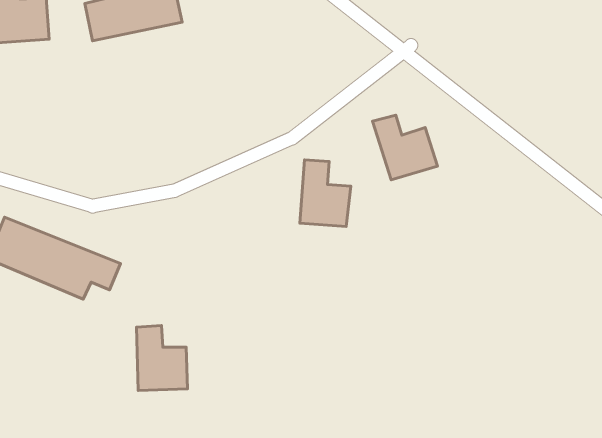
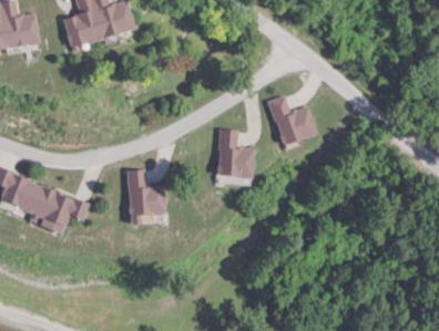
building: [137,326,188,391] -> [127,169,164,216]

